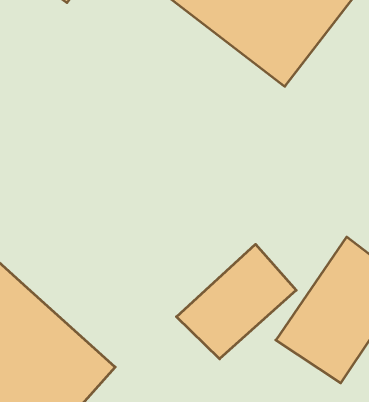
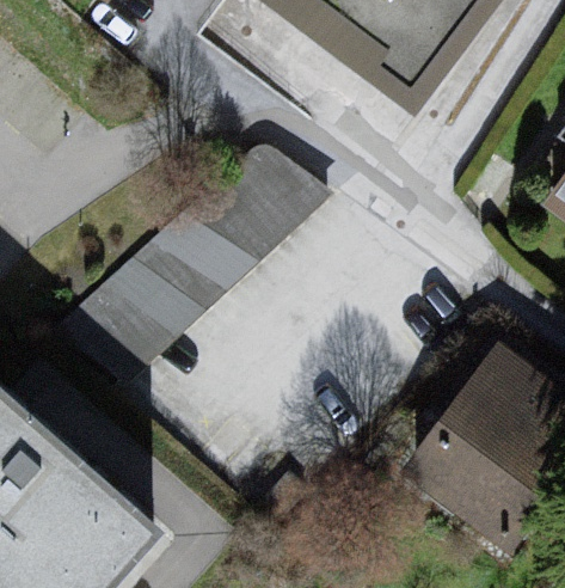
building: none -> [57,136,330,372]
building: [176,244,296,359] -> none

